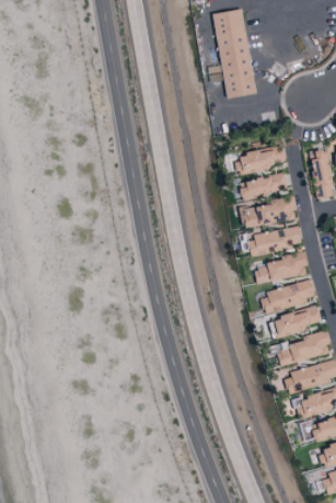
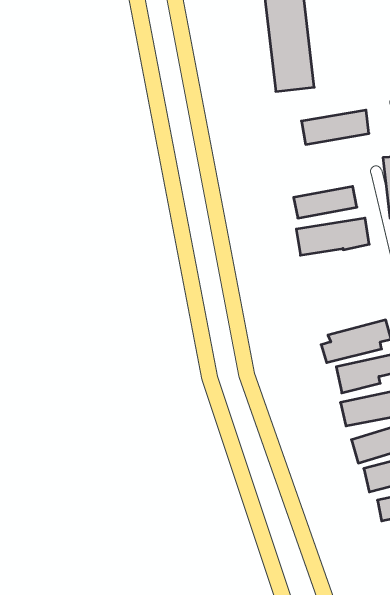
building: [232,147,286,174] -> [301,110,369,144]
building: [247,229,301,254] -> none
building: [254,254,308,284] -> none

